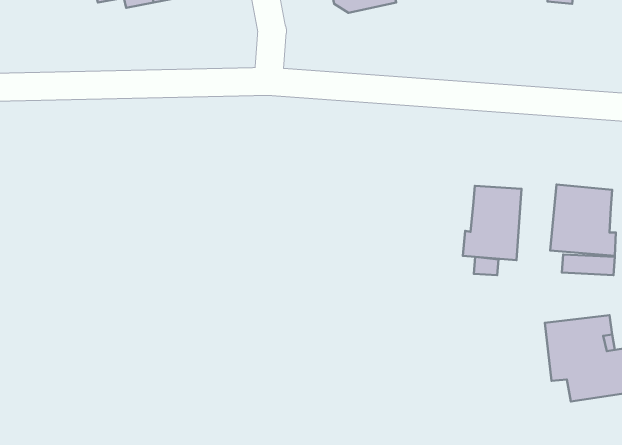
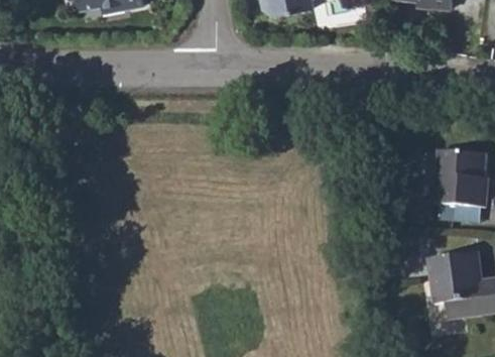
building: [463,186,521,260] -> none

